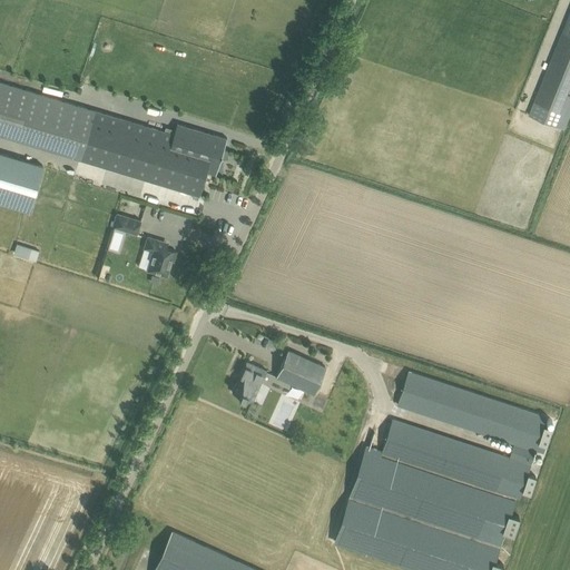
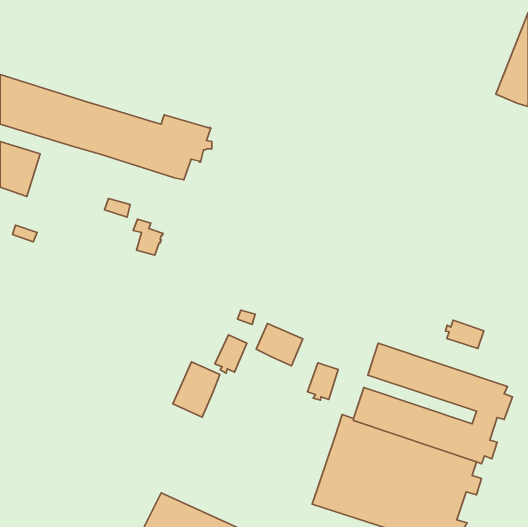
building: none -> [445,320,484,349]
building: none -> [173,362,220,417]
building: none -> [307,363,338,400]

